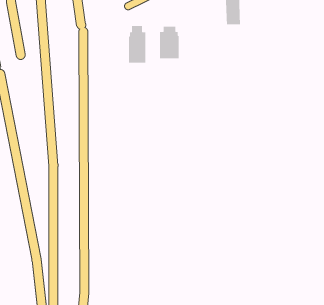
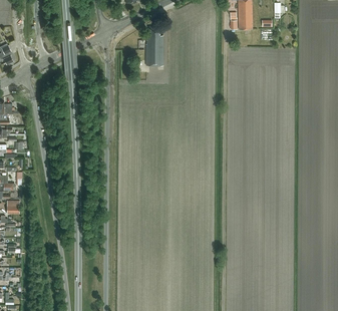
building: [159,26,180,59] -> none

